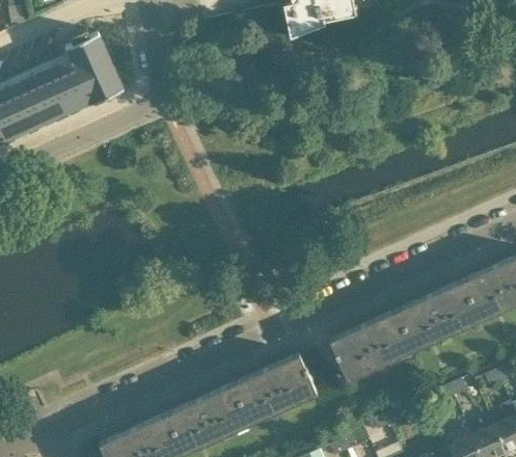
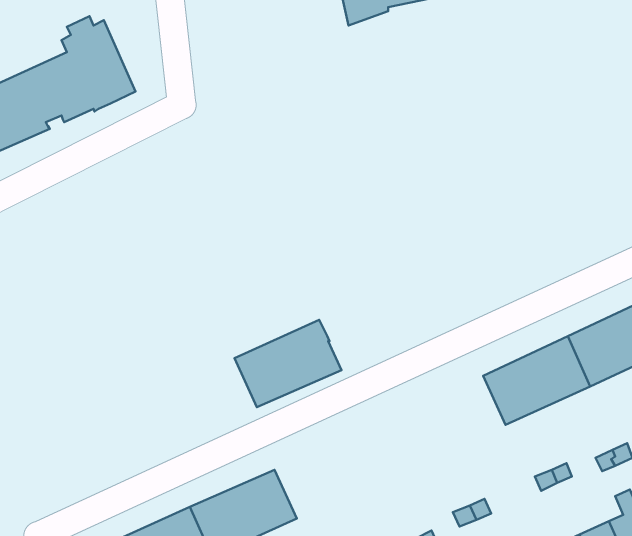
building: [329,312,413,381] -> none
building: [232,355,316,424] -> [235,320,342,407]

